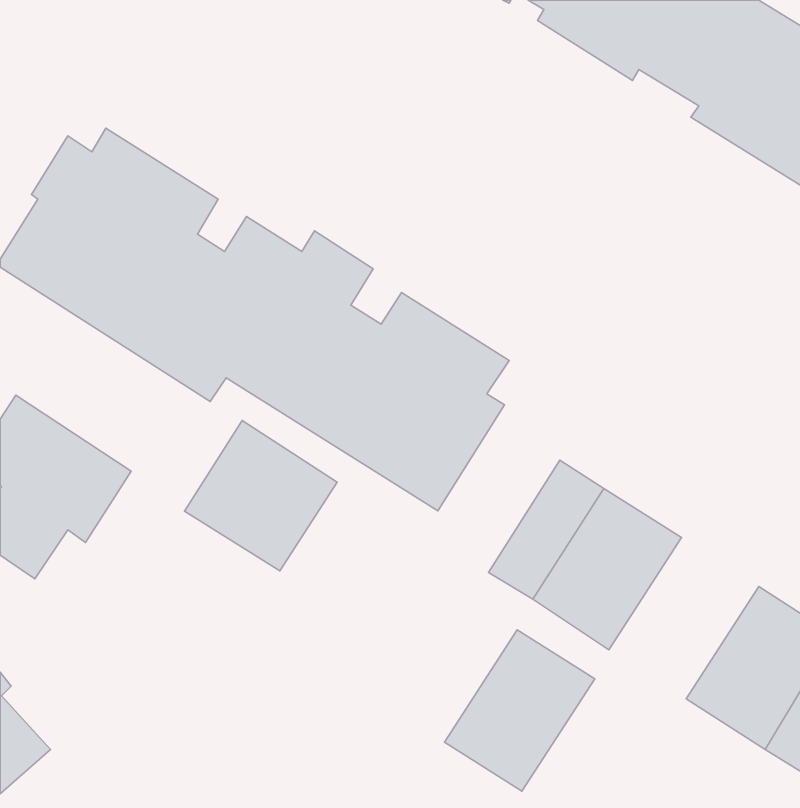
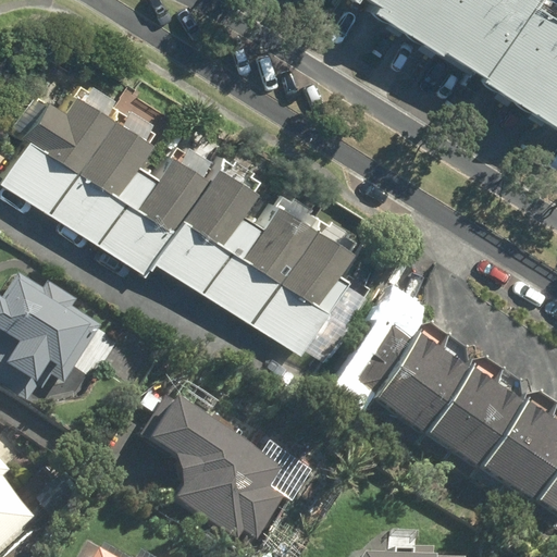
building: [184,421,337,571] -> none
building: none -> [146,395,288,541]
building: [445,630,595,791] -> [424,370,528,481]

